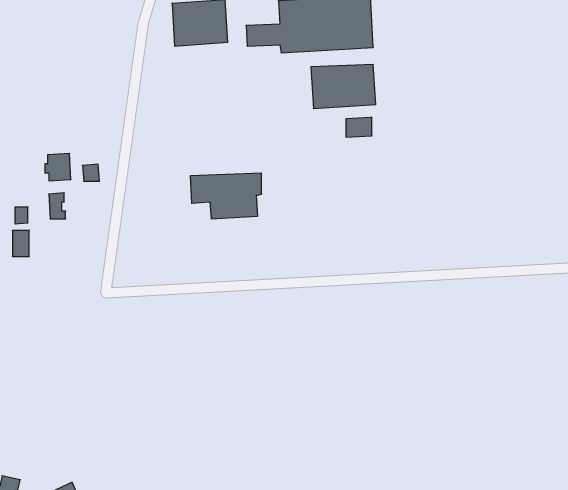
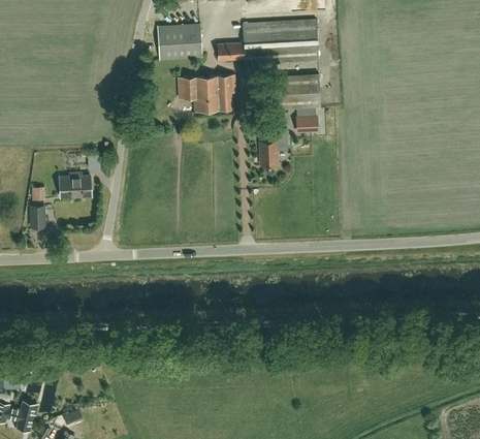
building: none -> [259,128,286,166]
building: [45,153,71,181] -> [69,176,90,197]
building: [190,173,262,219] -> [178,75,234,112]

